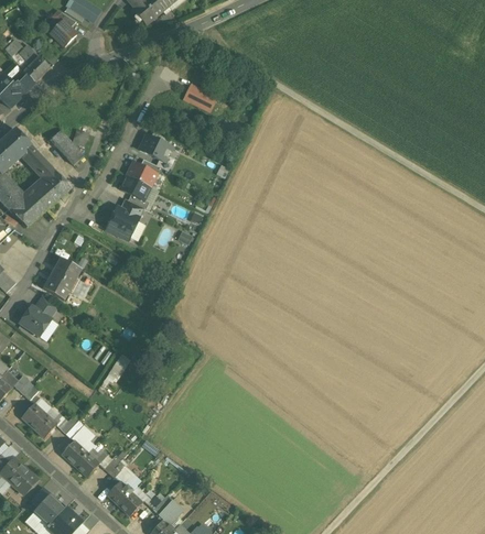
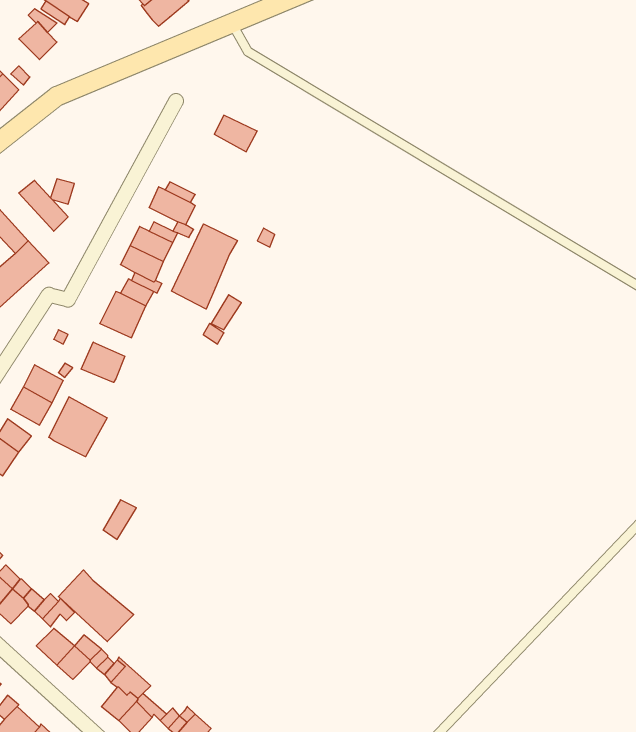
building: none -> [172,224,237,309]
building: none -> [81,342,125,382]
building: none -> [49,397,107,457]
building: none -> [58,570,134,642]

